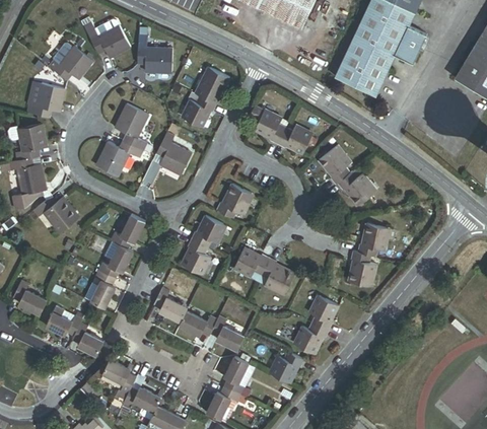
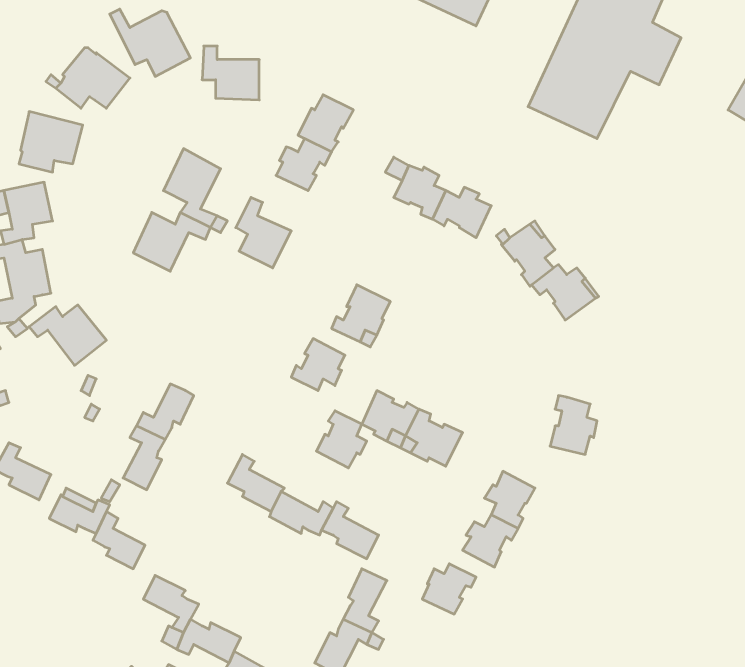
building: [110,215,144,248] -> none
building: [357,224,386,257] -> none
building: [180,240,210,275] -> [316,411,367,468]

